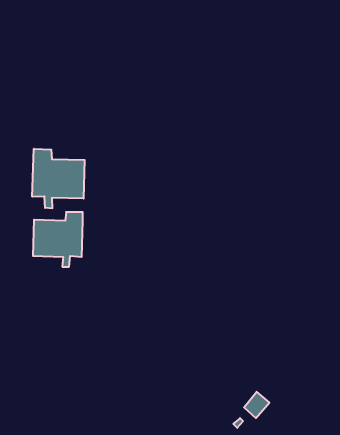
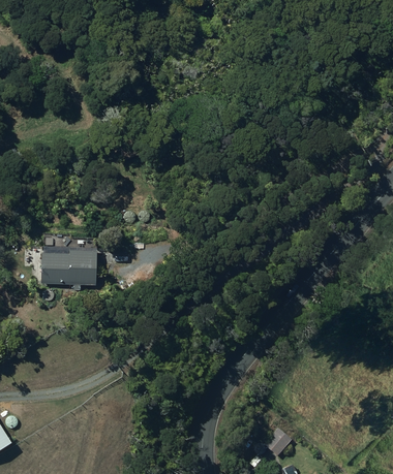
building: [32,149,85,208] -> none

